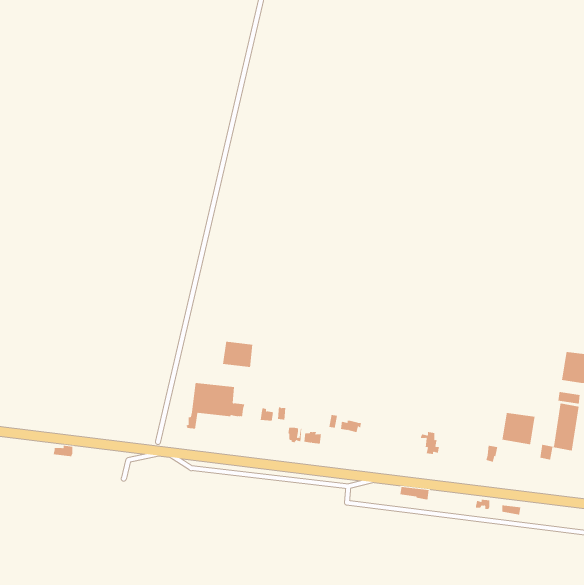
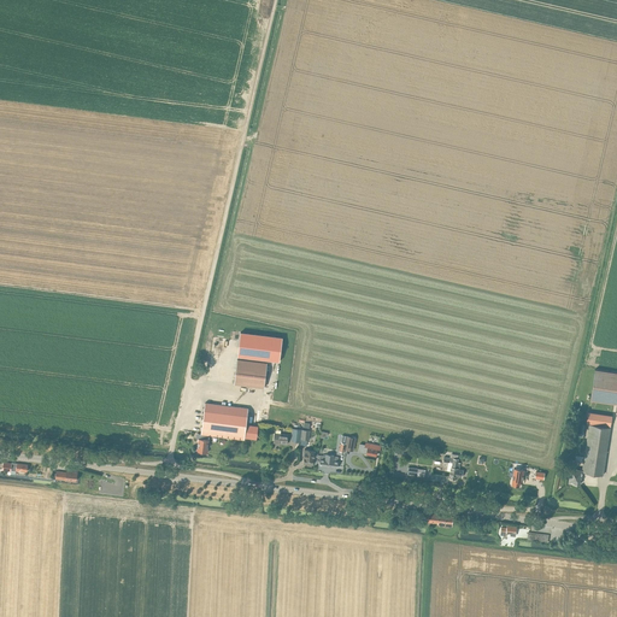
building: none -> [239,333,283,362]
building: [502,412,535,445] -> none

